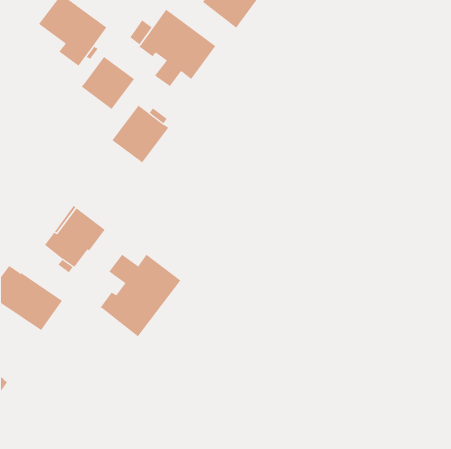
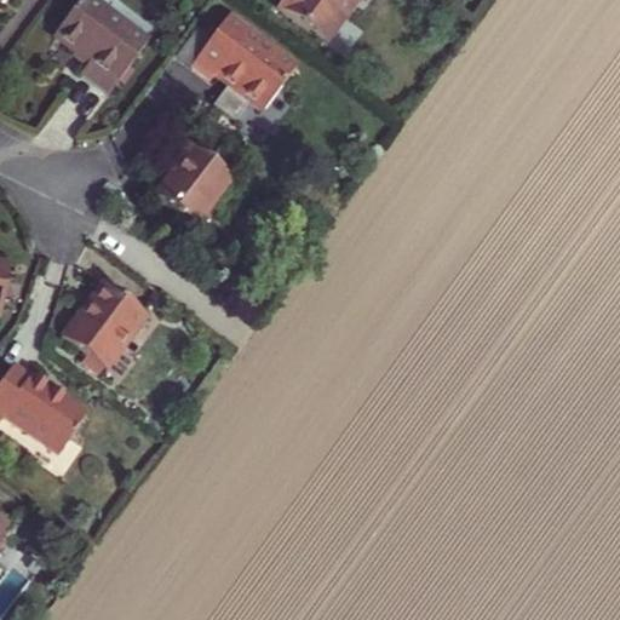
building: [81,56,135,110] -> none
building: [99,254,181,337] -> none

